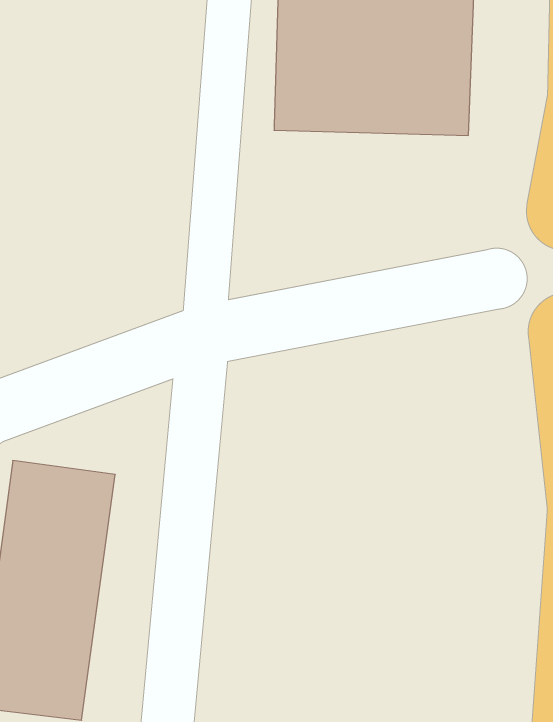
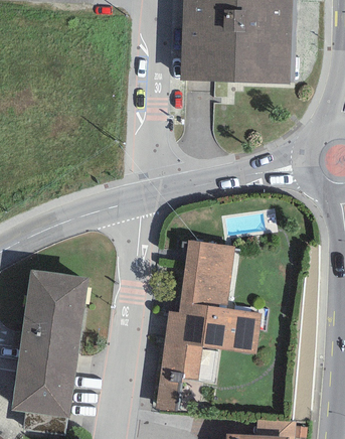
building: none -> [155,240,262,413]

